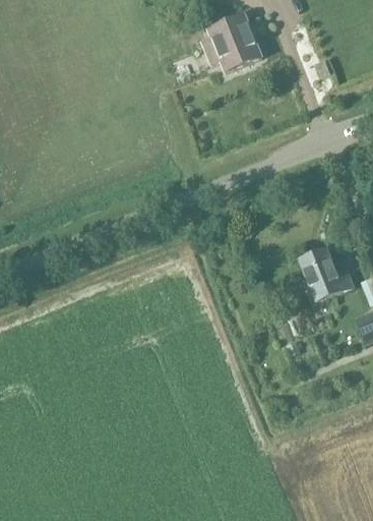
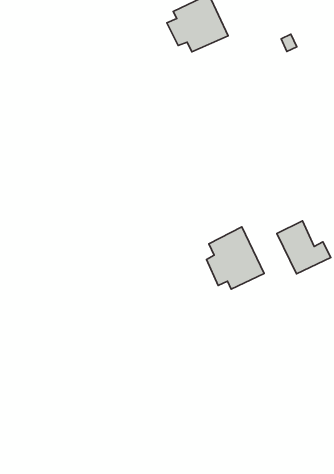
building: none -> [206,227,264,289]

